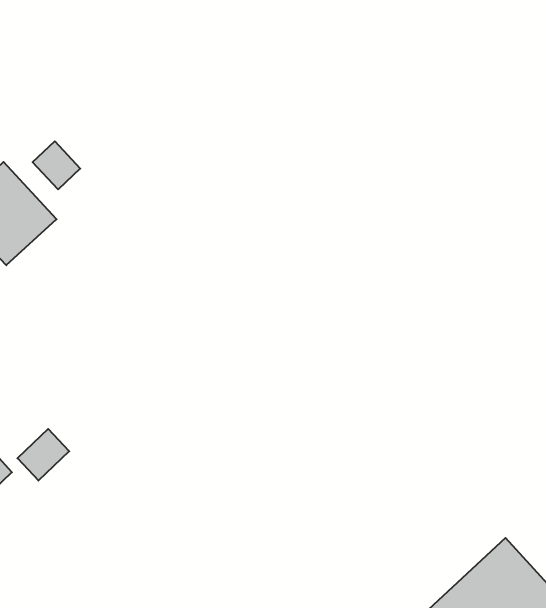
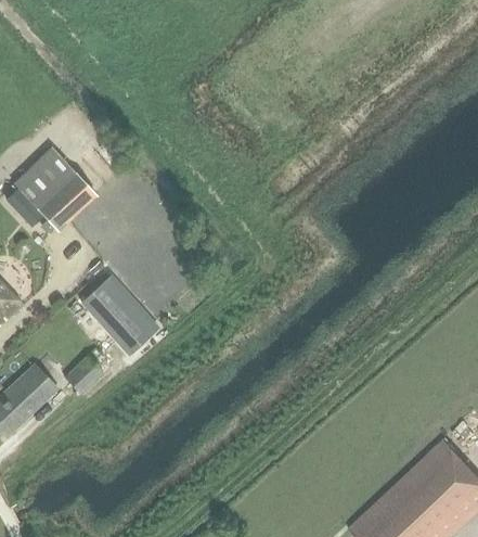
building: [33,141,80,189] -> none
building: none -> [81,274,162,357]

